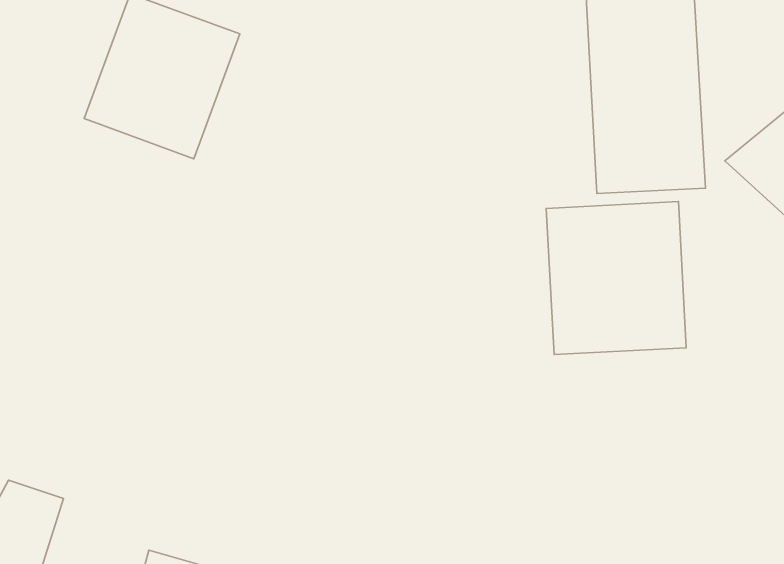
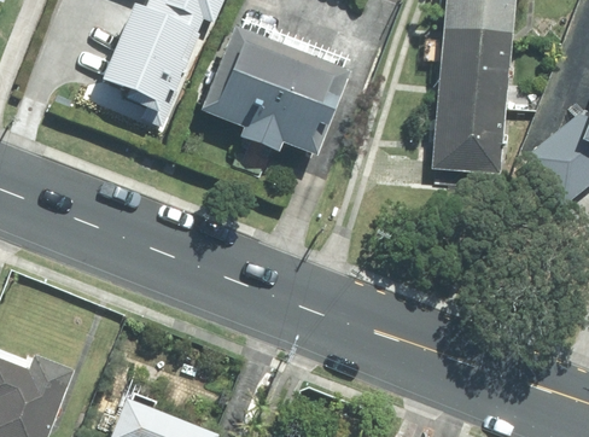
building: none -> [200,33,348,161]
building: [546,202,686,355] -> none

